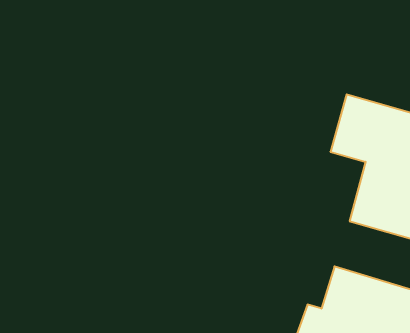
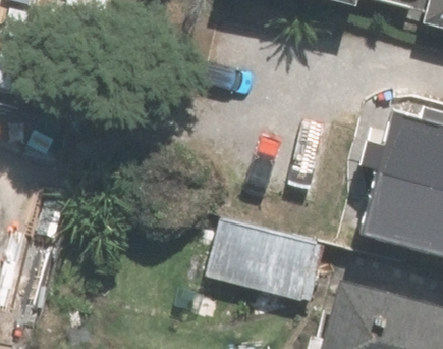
building: none -> [199,219,326,303]

